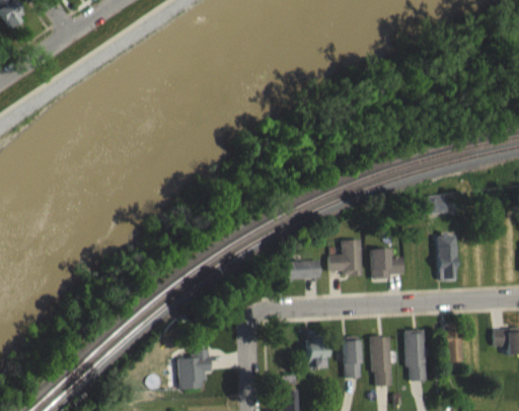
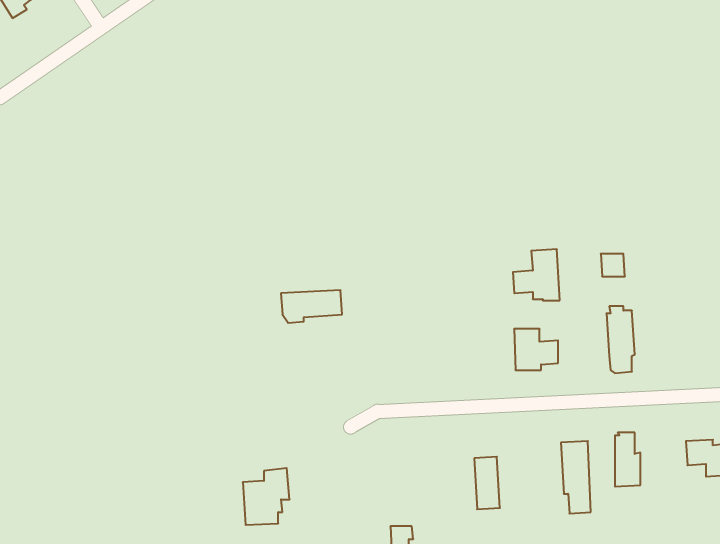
building: [328,238,362,275] -> [513,249,560,300]
building: [276,260,319,283] -> [281,290,342,323]
building: [306,330,327,367] -> none
building: [370,335,391,386] -> none

